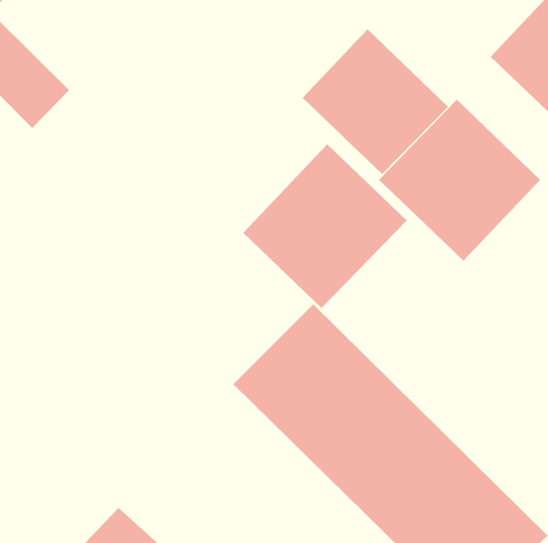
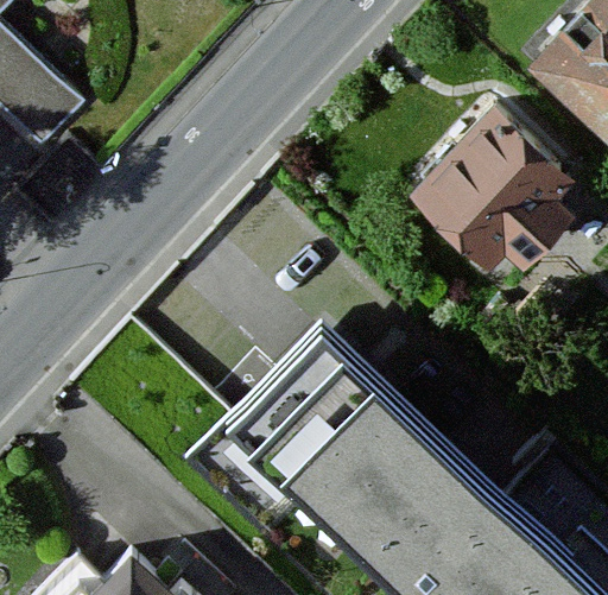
building: [302,29,449,175] -> none
building: [242,144,407,309] -> none

